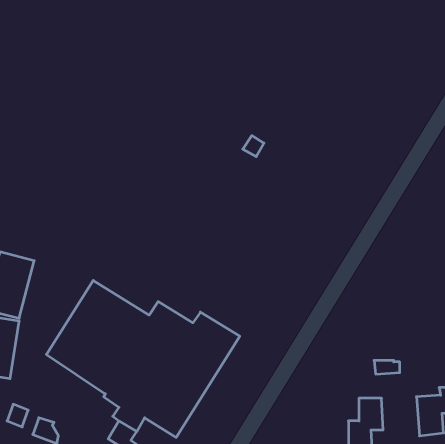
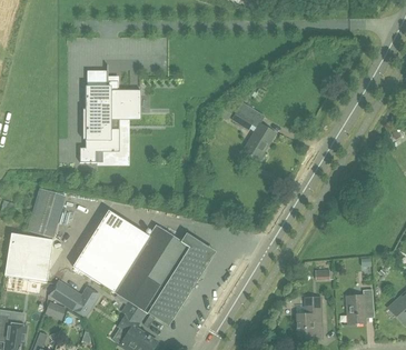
building: none -> [80,80,140,161]
building: none -> [231,100,276,160]
building: none -> [49,280,99,314]

